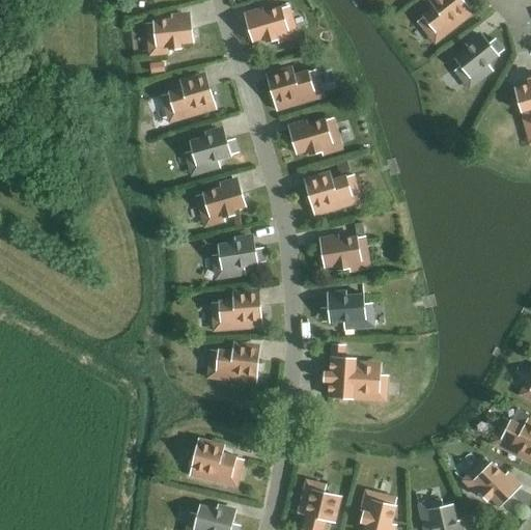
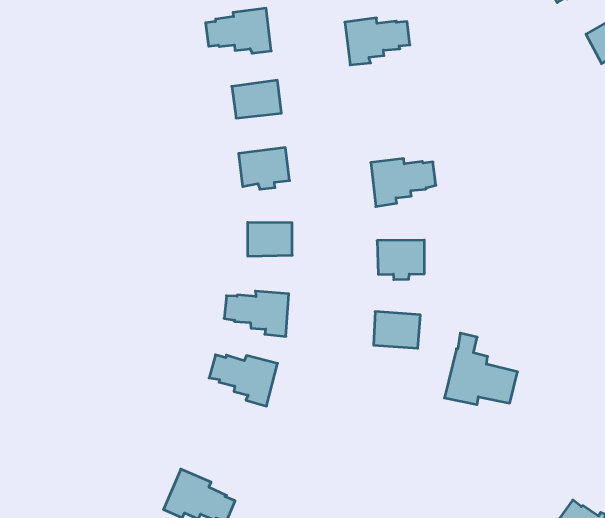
building: [289,118,331,155] -> none
building: [327,344,380,397] -> [444,333,518,405]

